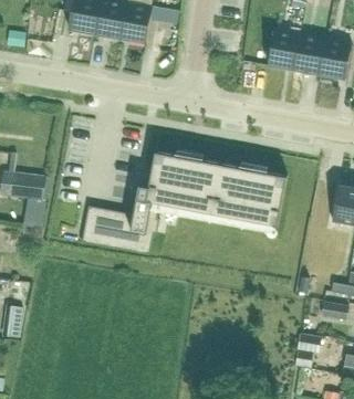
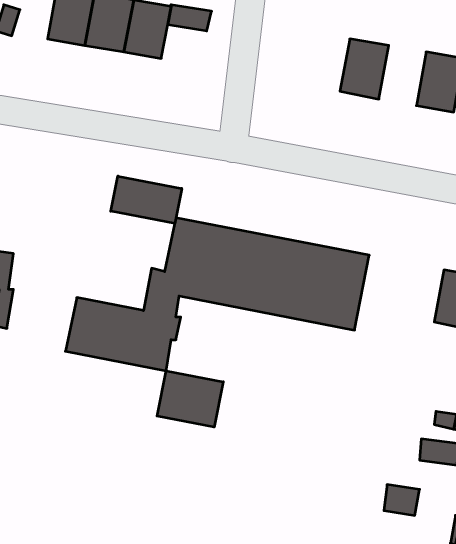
building: [293,34,325,75] -> none
building: none -> [111,176,182,224]
building: none -> [157,371,223,427]

